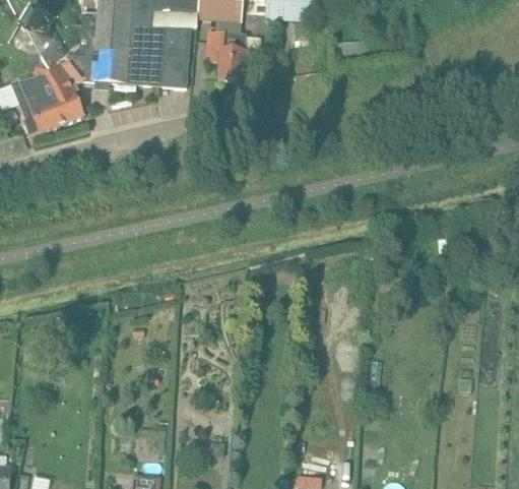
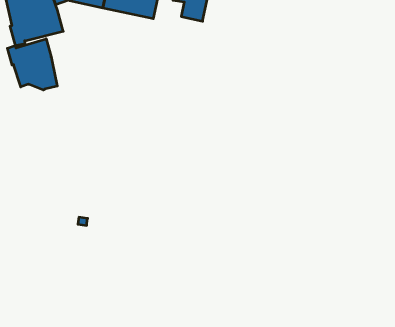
building: none -> [7,39,57,90]

